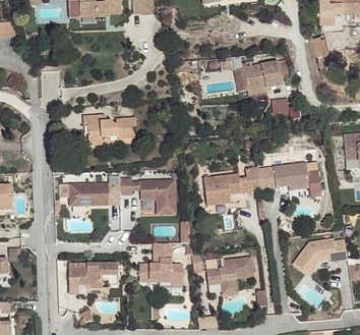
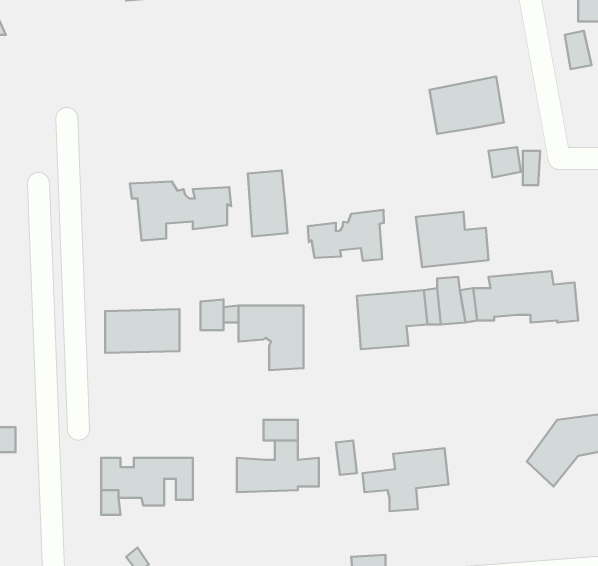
building: none -> [248,170,287,237]
building: none -> [308,210,384,261]
building: none -> [416,212,488,267]

